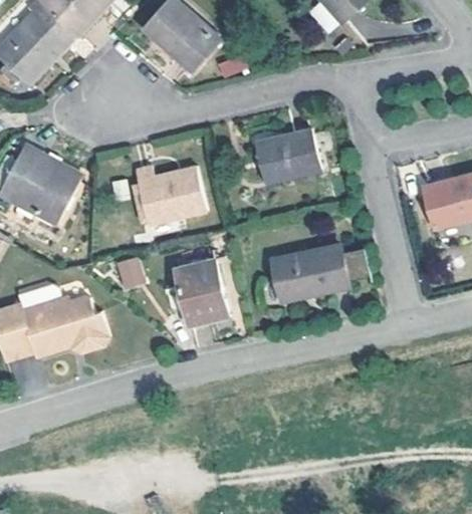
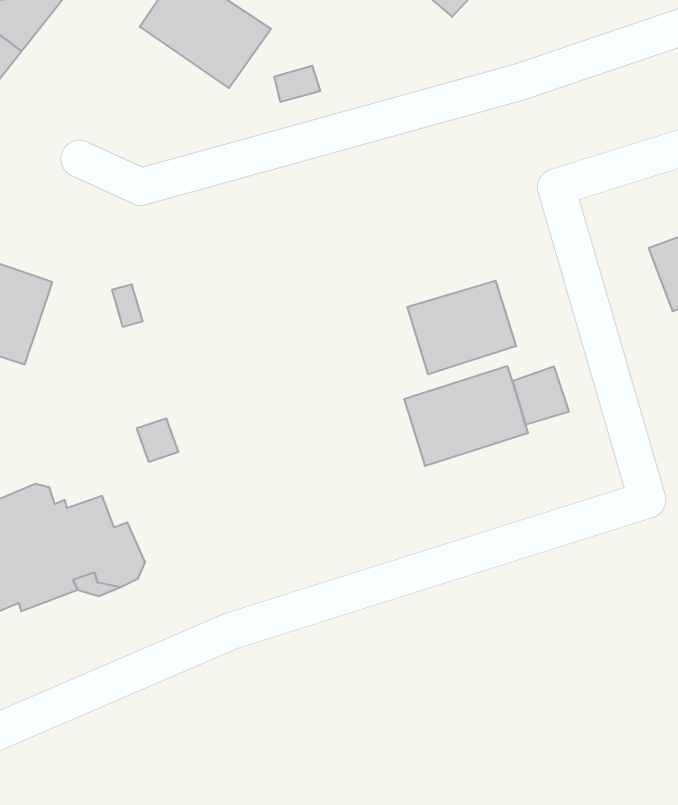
building: [256,131,317,181] -> [407,281,516,374]
building: [134,164,204,224] -> none
building: [163,259,224,324] -> none

